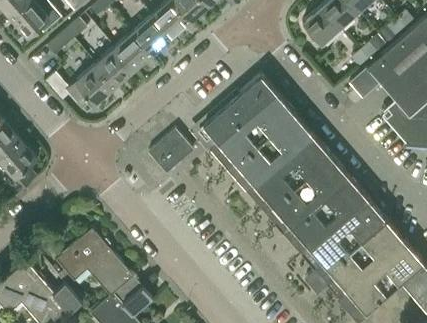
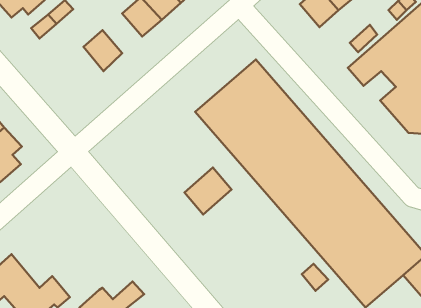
building: [113,31,151,69] -> none
building: [67,63,114,102] -> none
building: [148,130,193,175] -> [184,167,232,215]
building: [55,228,142,304] -> none

